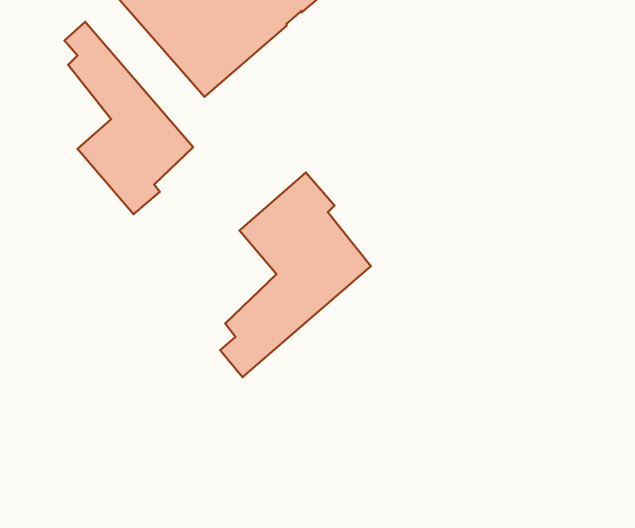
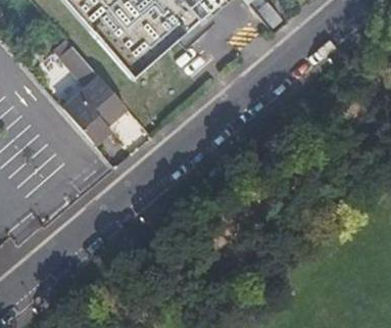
building: [220,172,371,377] -> none

